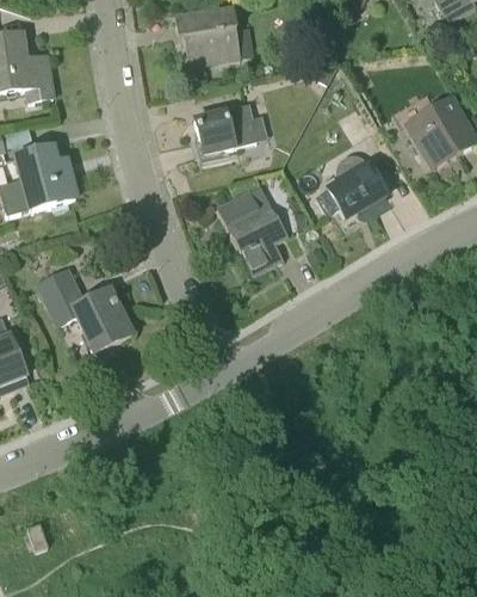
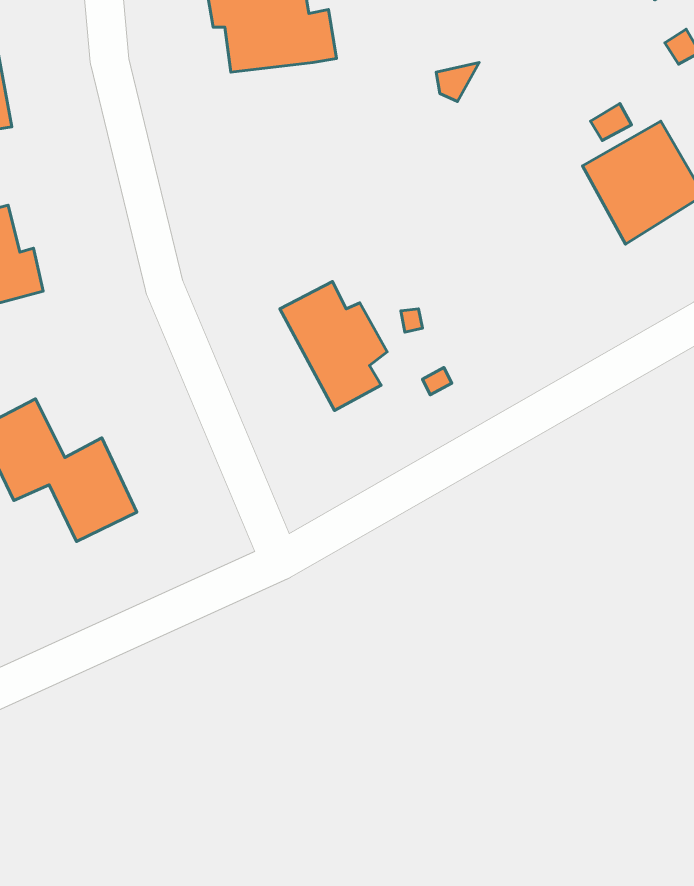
building: [196,106,265,154] -> none
building: [316,153,394,219] -> none

